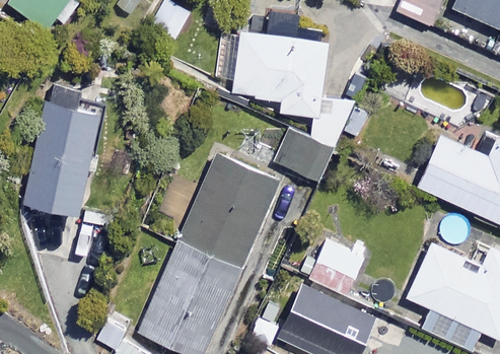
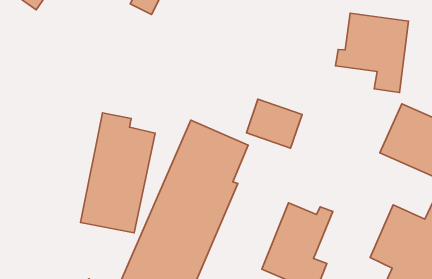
building: [232,31,350,137] -> none
building: none -> [336,13,409,93]
building: [24,85,103,212] -> [80,113,155,233]

